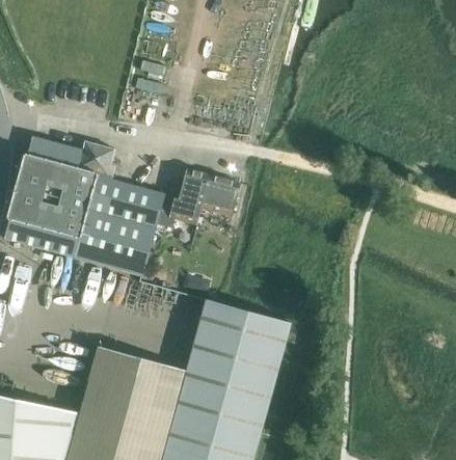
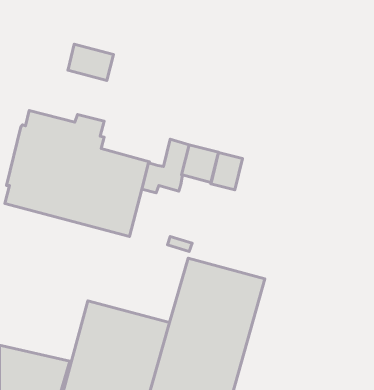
building: none -> [68,44,113,80]
building: none -> [211,153,242,190]

